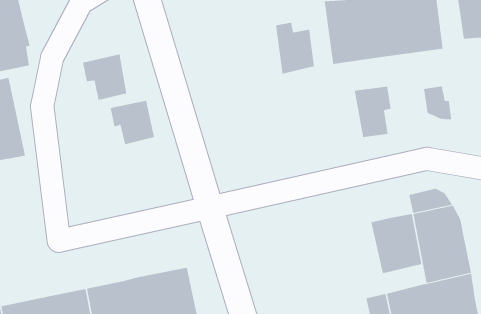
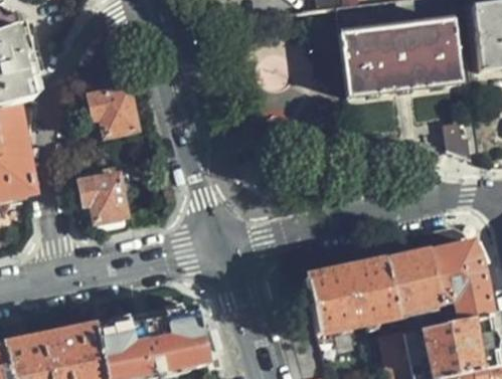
building: [275,22,315,74] -> none
building: [354,86,391,138] -> none
building: [110,100,155,145] -> [79,174,126,220]
building: none -> [305,258,400,332]

